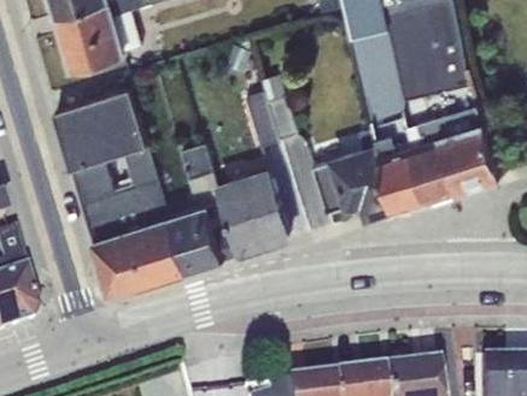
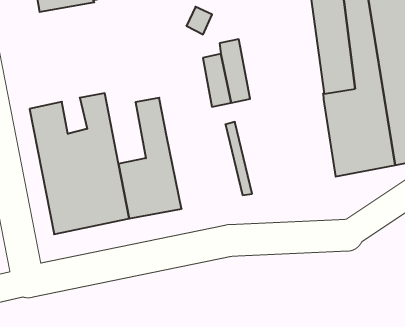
building: [58,82,151,164] -> none
building: [315,123,398,209] -> none
building: [219,162,292,250] -> none

